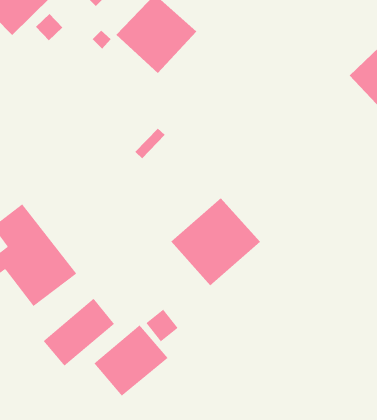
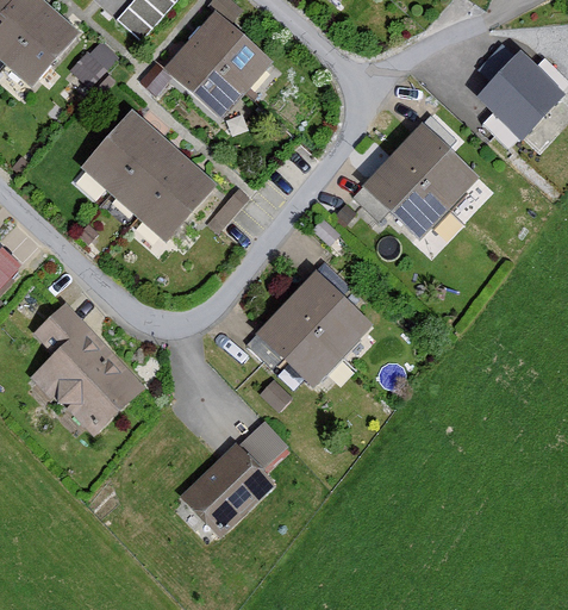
building: none -> [82,111,218,242]
building: none -> [367,124,480,238]
building: [43,298,115,367] -> none

